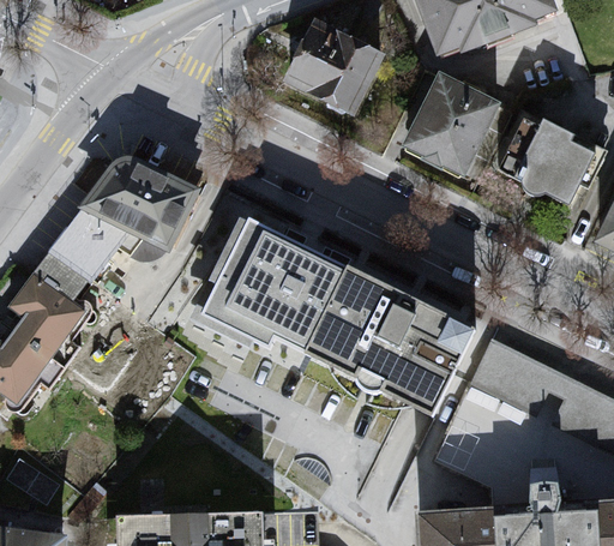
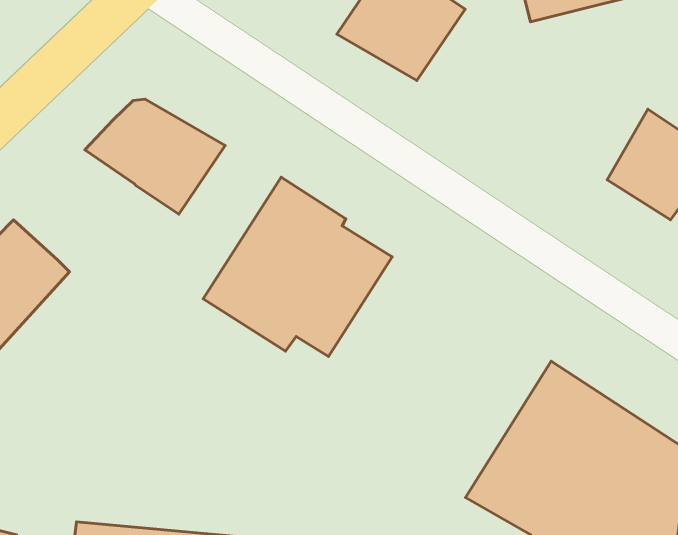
building: [401,72,499,178] -> none
building: [34,209,131,302] -> none
building: [307,265,477,414] -> none

